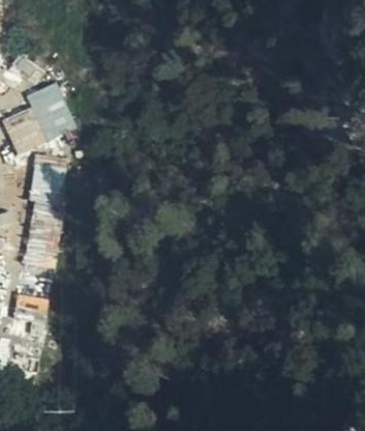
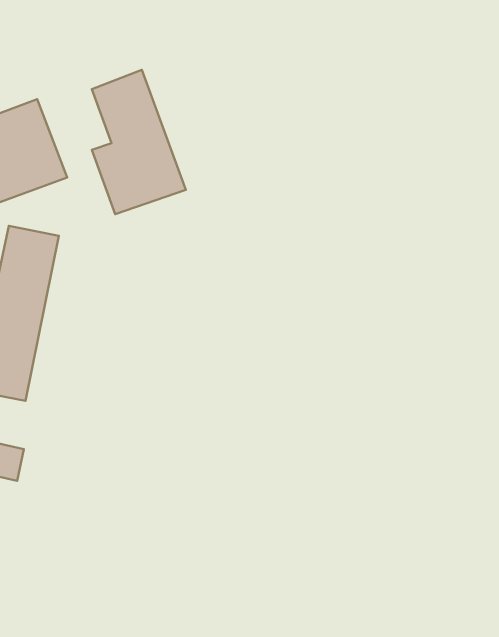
building: none -> [92,70,186,214]

